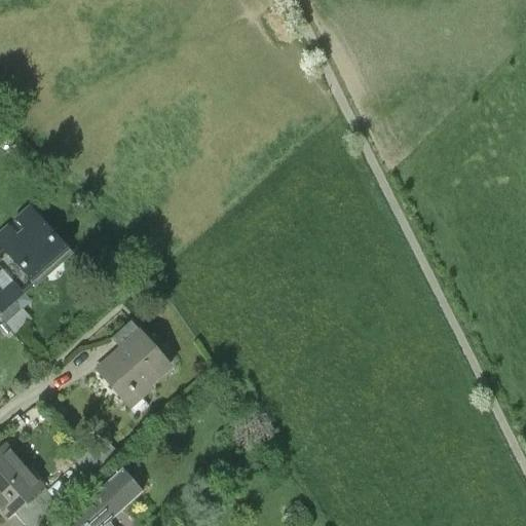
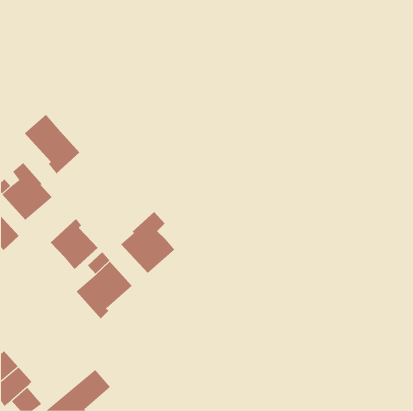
building: none -> [24,114,80,174]
building: none -> [120,211,175,274]
building: none -> [50,218,99,270]

